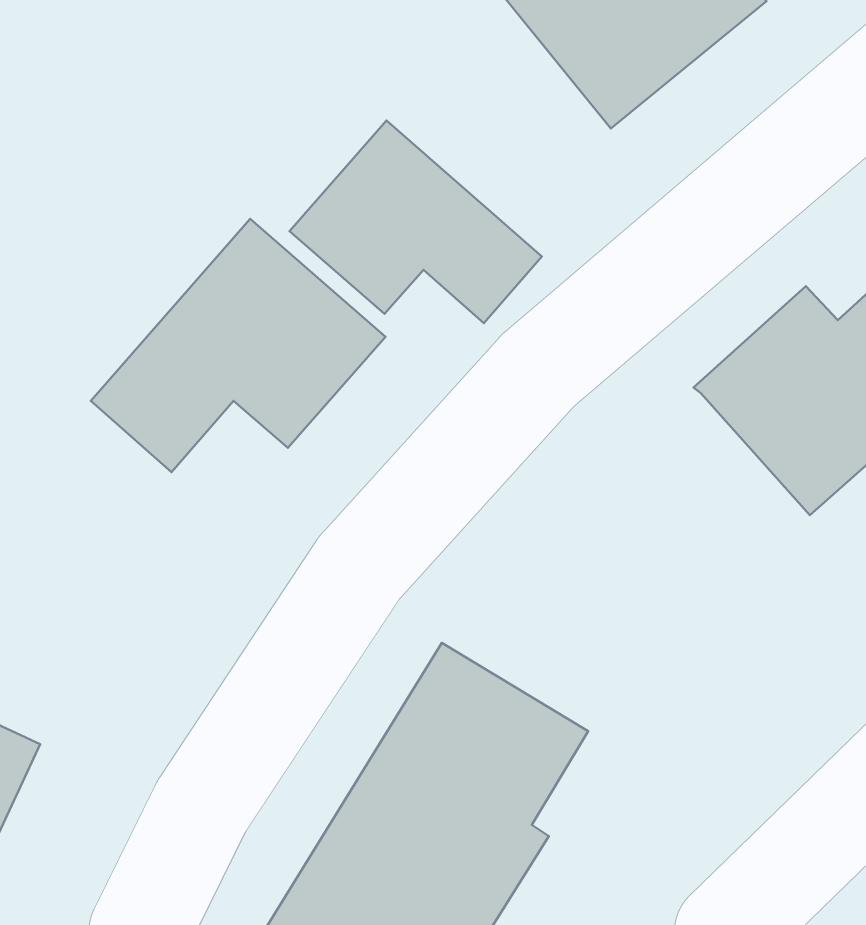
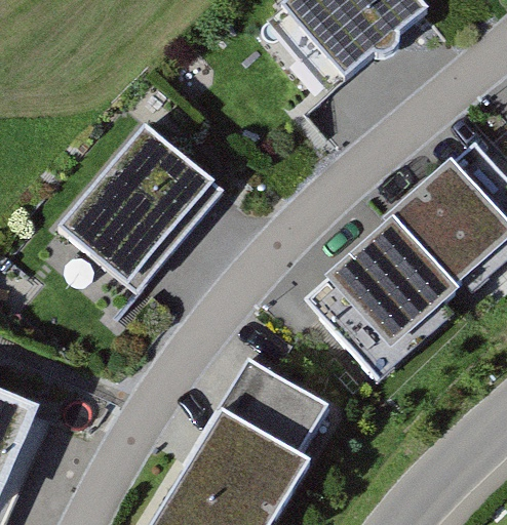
building: [289,120,542,323] -> none
building: none -> [320,224,452,378]

